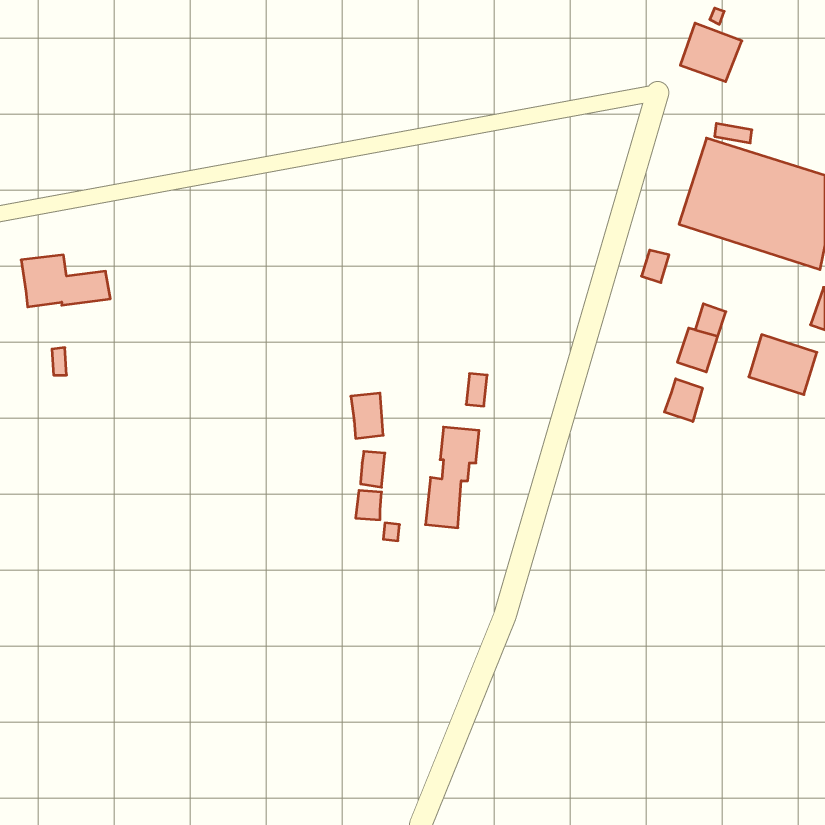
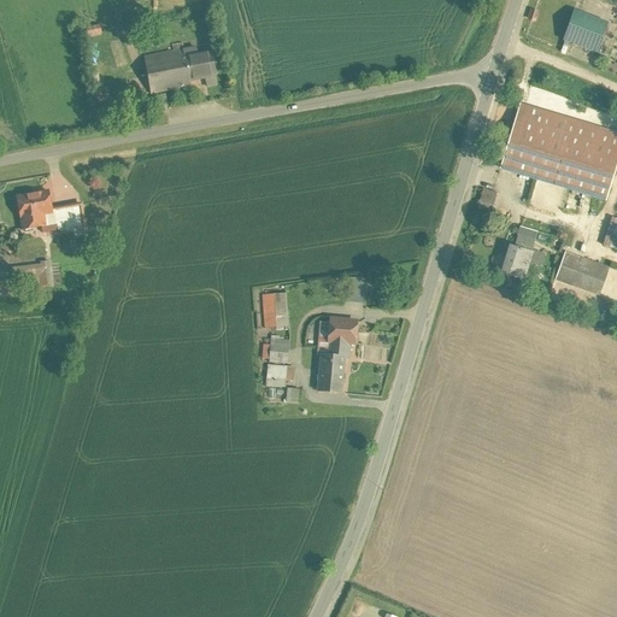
building: [680,23,742,82] -> [558,8,604,52]
building: none -> [143,48,213,88]
building: [664,379,702,422] -> none

